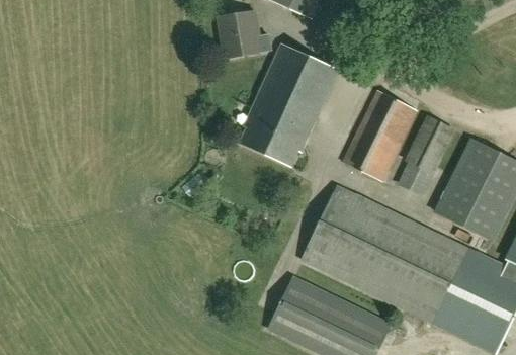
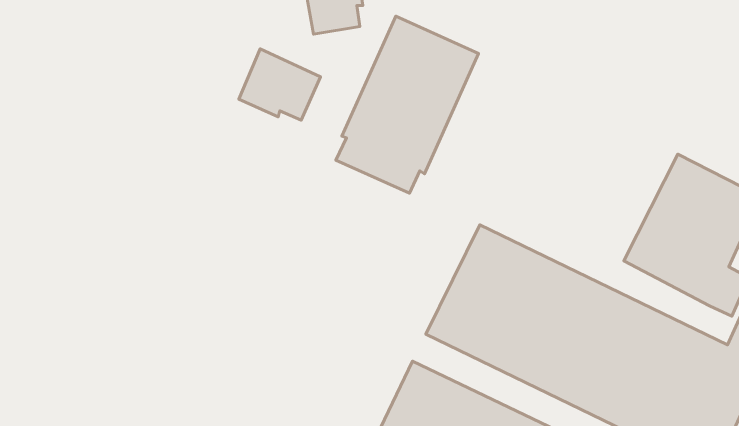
building: none -> [239,49,320,120]
building: [343,90,417,180] -> none
building: [398,115,454,195] -> none

